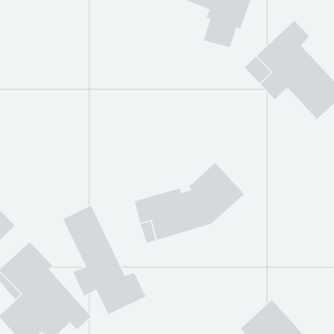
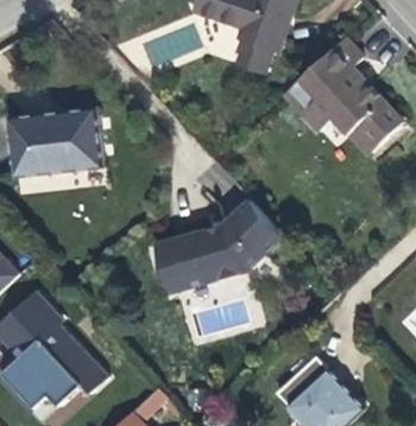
building: none -> [8,108,105,178]
building: [63,205,146,315] -> none

